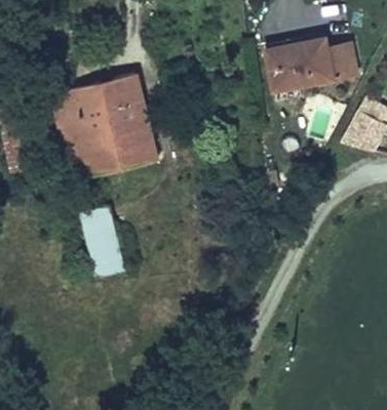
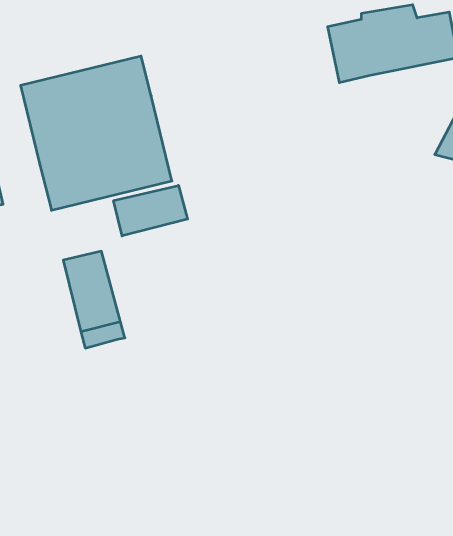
building: none -> [114,185,188,236]

